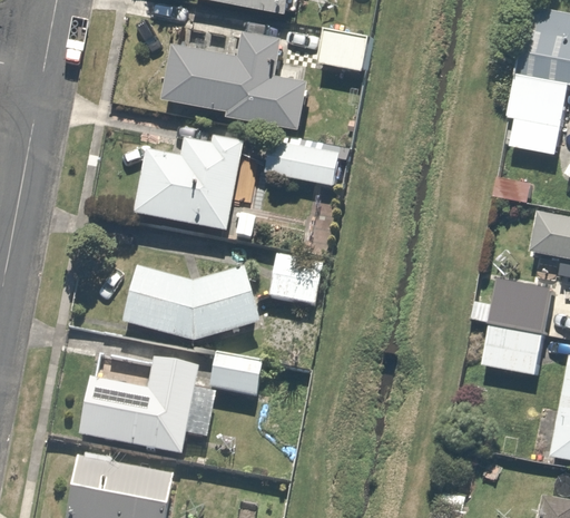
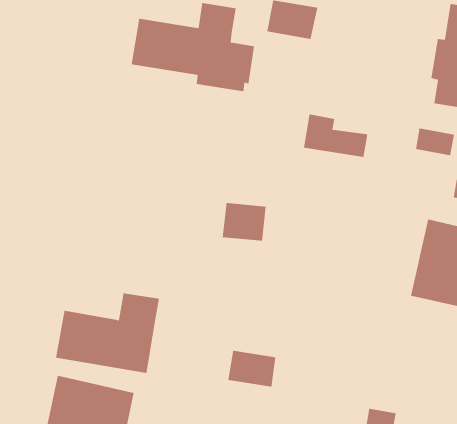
building: [269,129,344,179] -> [303,114,368,158]
building: [130,137,245,231] -> none
building: [121,267,258,342] -> none
building: [207,352,263,394] -> [228,350,276,387]

